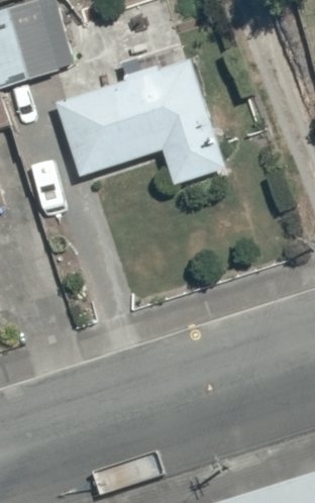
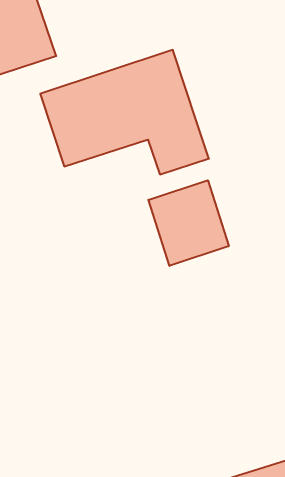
building: none -> [148,180,229,266]

